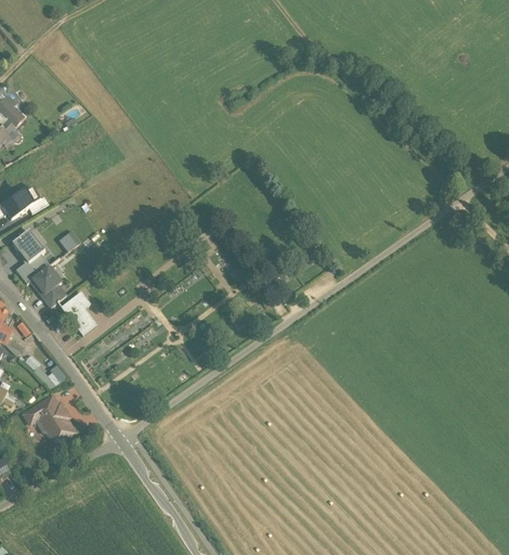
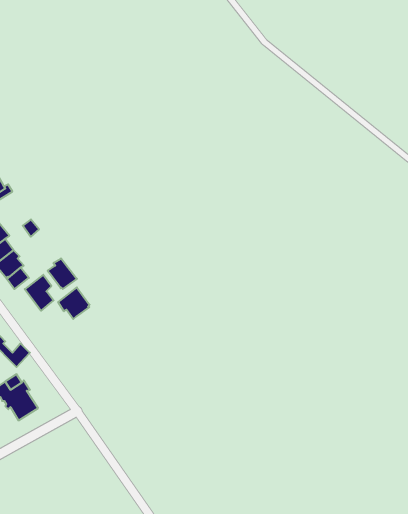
building: none -> [48,258,77,289]
building: none -> [58,287,90,319]

